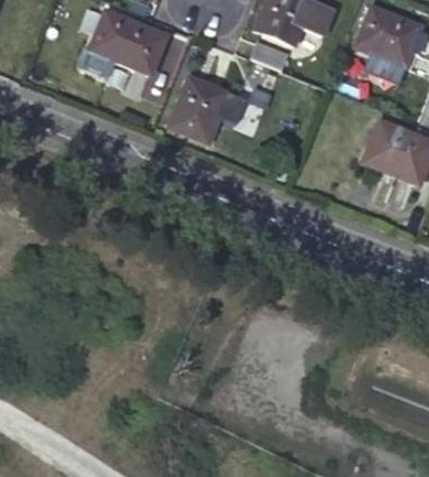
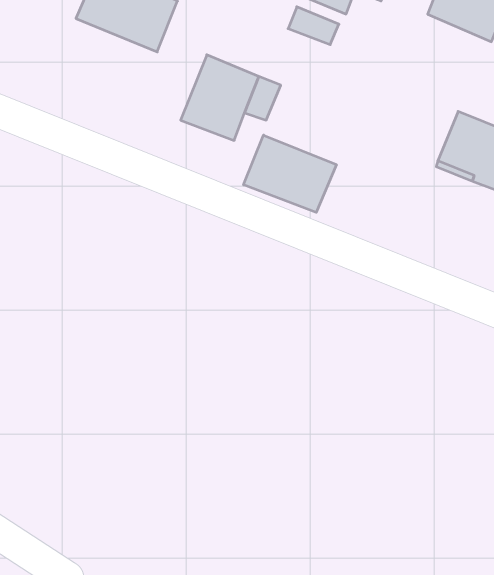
building: none -> [244,135,336,212]

